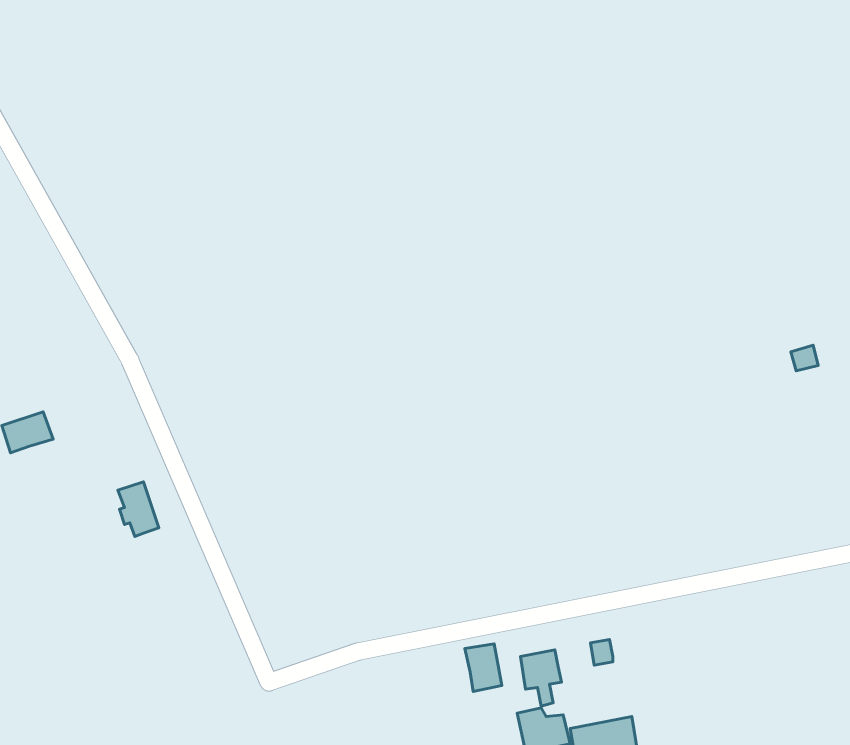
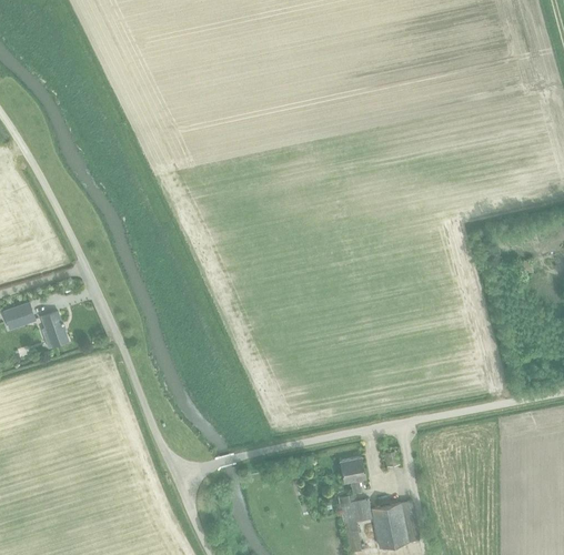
building: [118,482,159,536] -> [40,312,67,347]
building: [465,644,502,691] -> none

